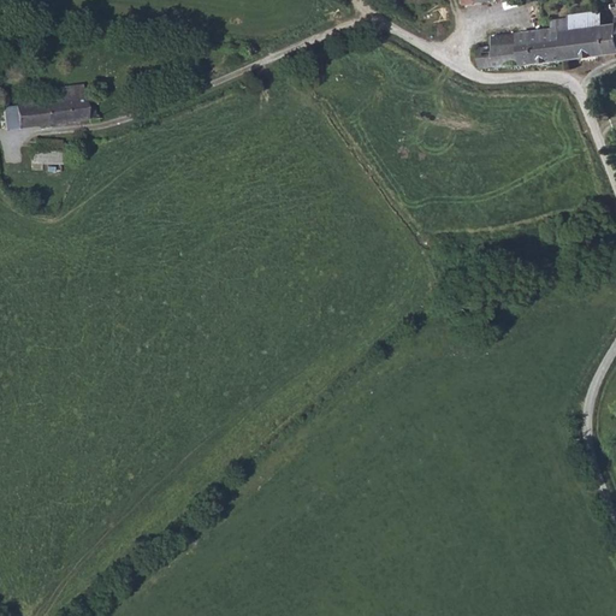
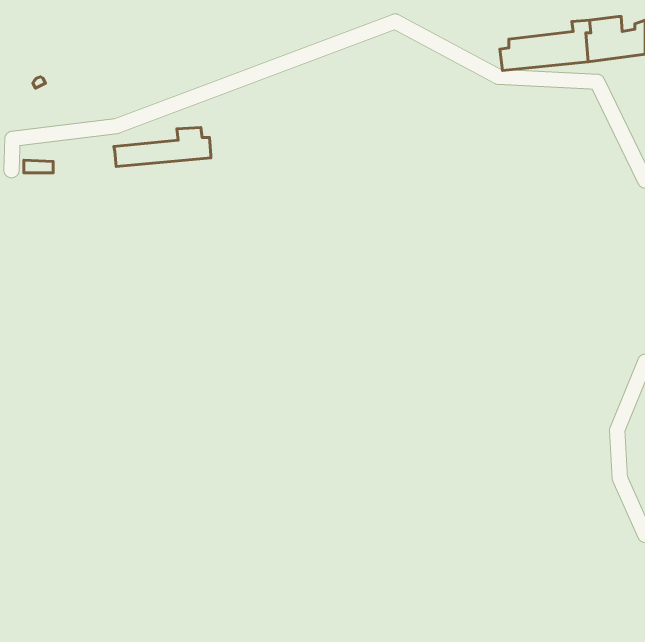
building: [5,89,97,126] -> [114,127,211,167]

